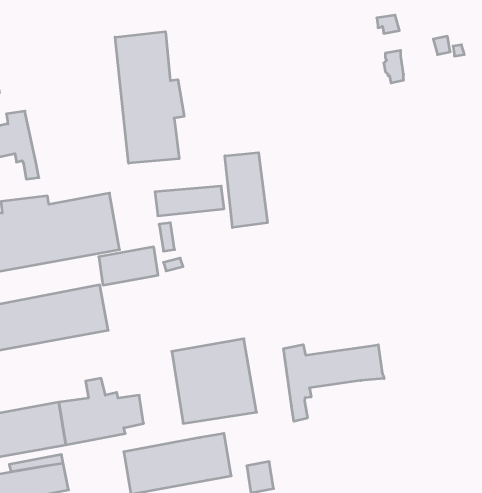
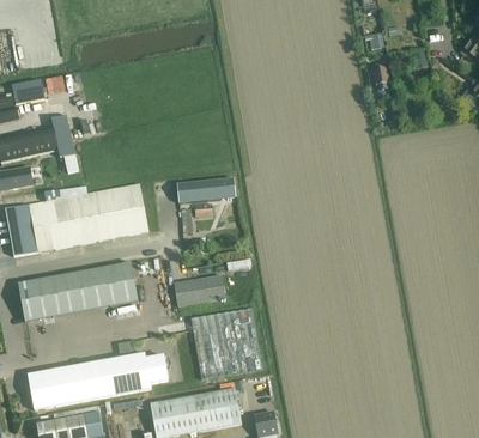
building: [115,32,184,163] -> none
building: [225,153,267,228] -> none
building: [99,247,158,285] -> [174,274,224,306]
building: [284,345,384,421] -> none

